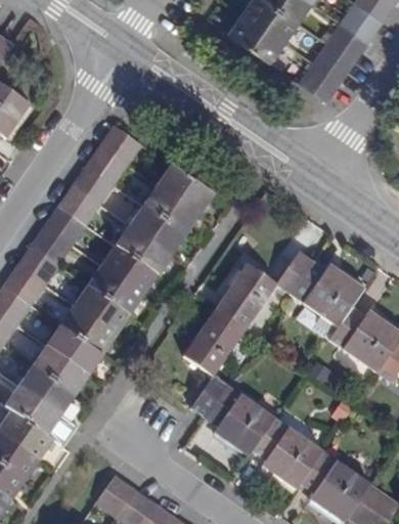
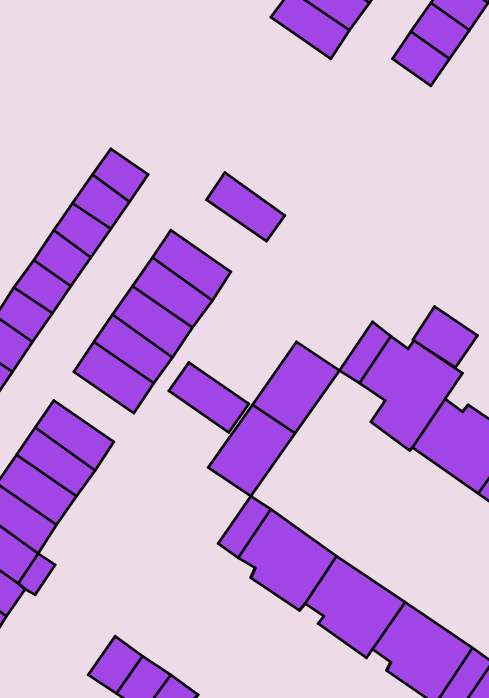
building: [301,61,343,101] -> none
building: [157,165,213,214] -> [206,173,285,241]
building: none -> [413,306,478,368]
building: [73,286,130,336] -> [169,362,249,432]

